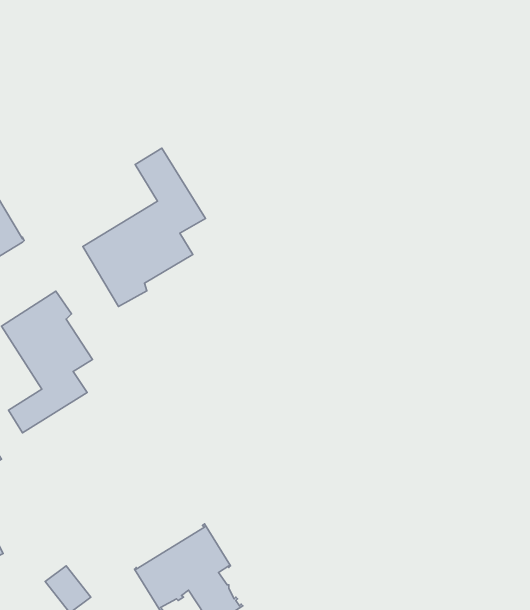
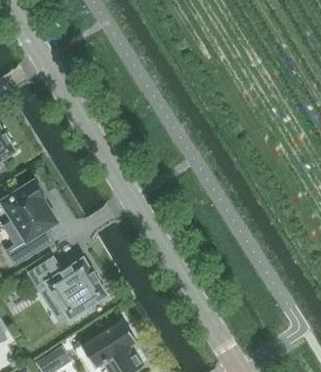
building: [83,148,206,307] -> none
building: none -> [27,258,107,321]

